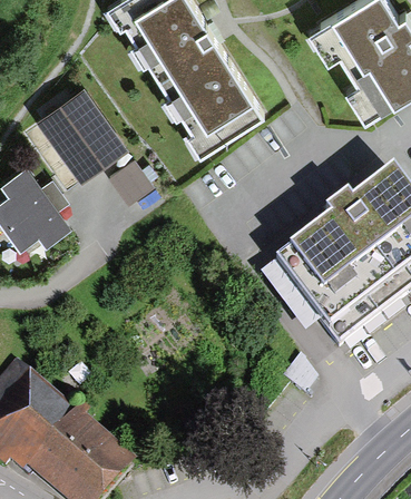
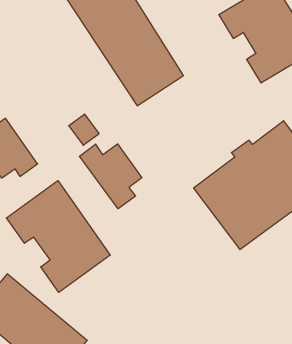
building: [36,84,128,180] -> none
building: none -> [79,144,142,209]
building: none -> [6,181,110,292]

